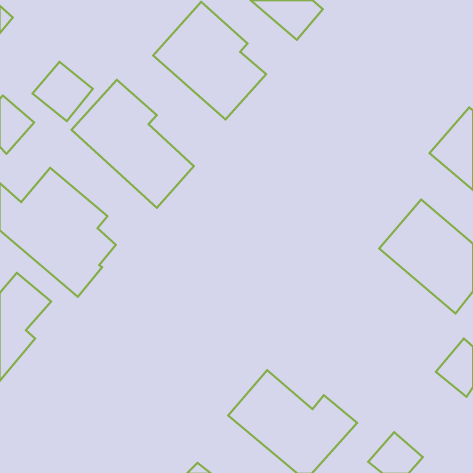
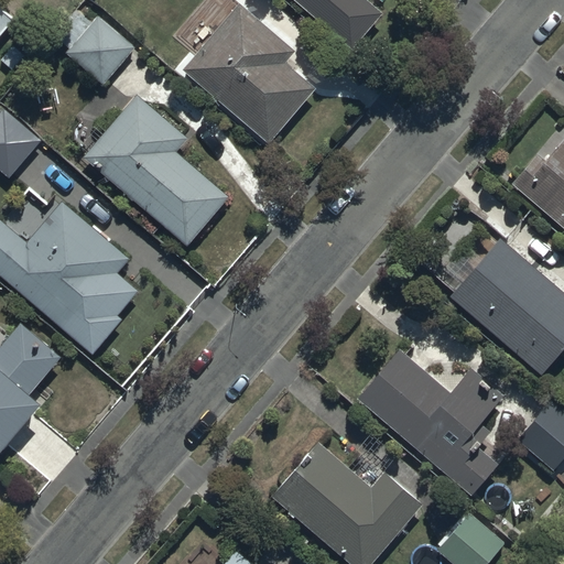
building: [33,62,93,121] -> [64,14,135,85]
building: none -> [359,350,505,494]

